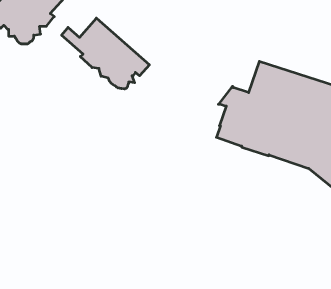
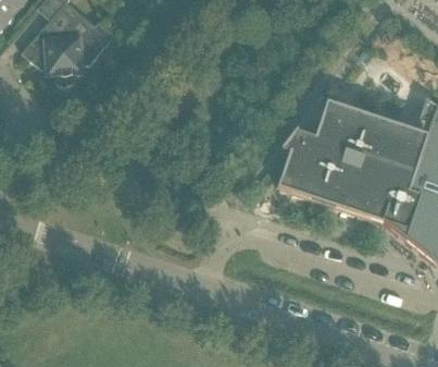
building: [62,18,149,89] -> none

